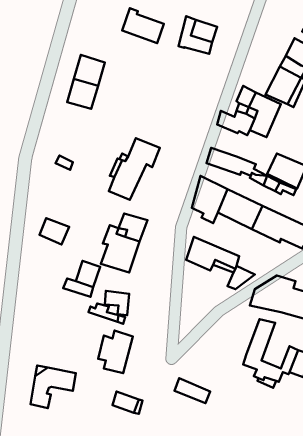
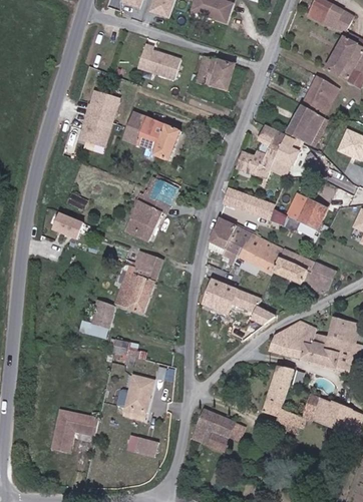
building: none -> [122,111,182,161]
building: [39,218,69,244] -> [53,214,84,241]
building: none -> [197,408,244,442]

